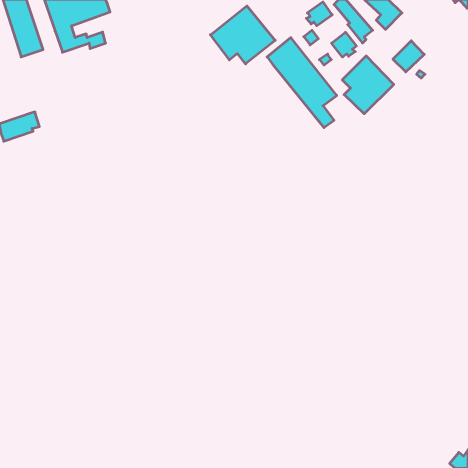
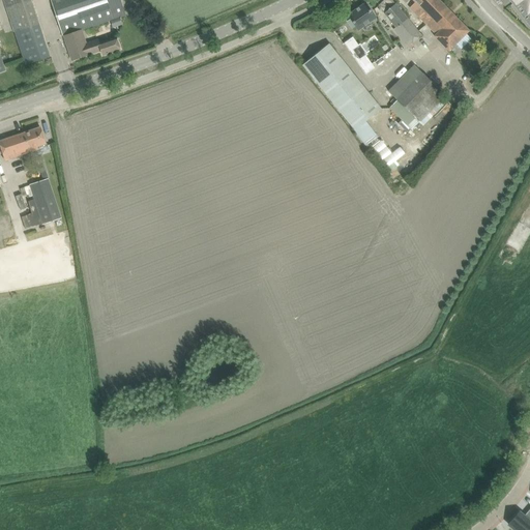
building: [210,6,275,64] -> none
building: [332,32,356,57] -> none
building: [393,41,424,72] -> [433,14,468,50]
building: none -> [24,176,61,223]

